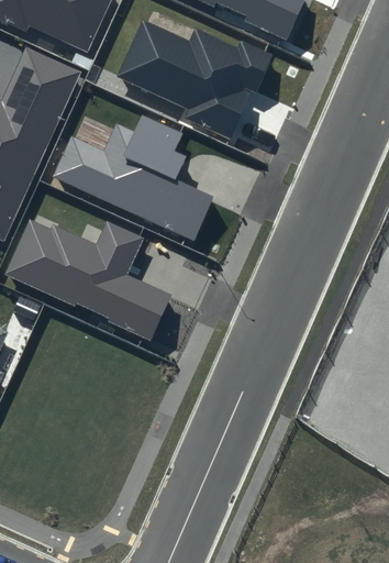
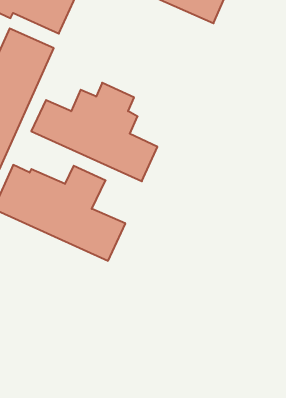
building: [115,19,273,139] -> none

